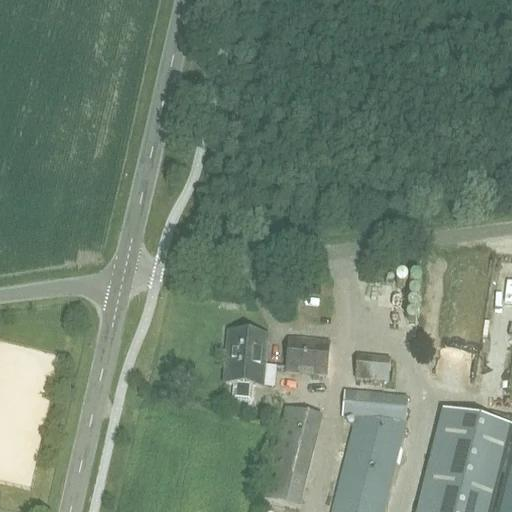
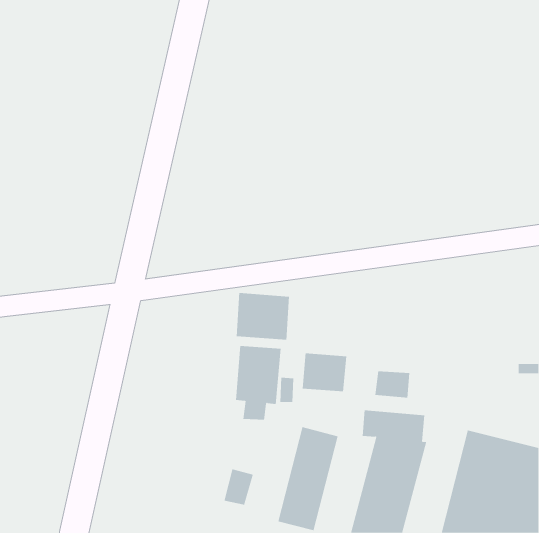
building: none -> [236,292,290,341]
building: none -> [224,469,254,506]

